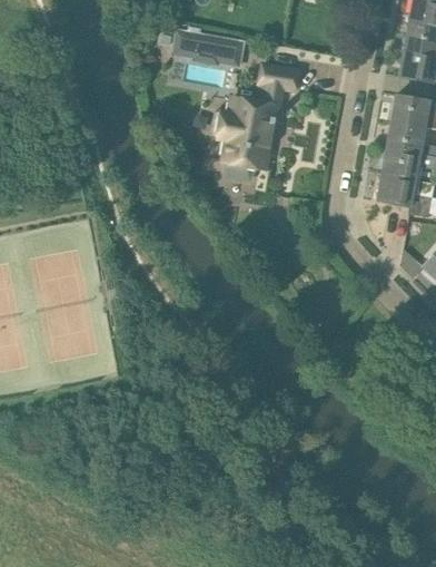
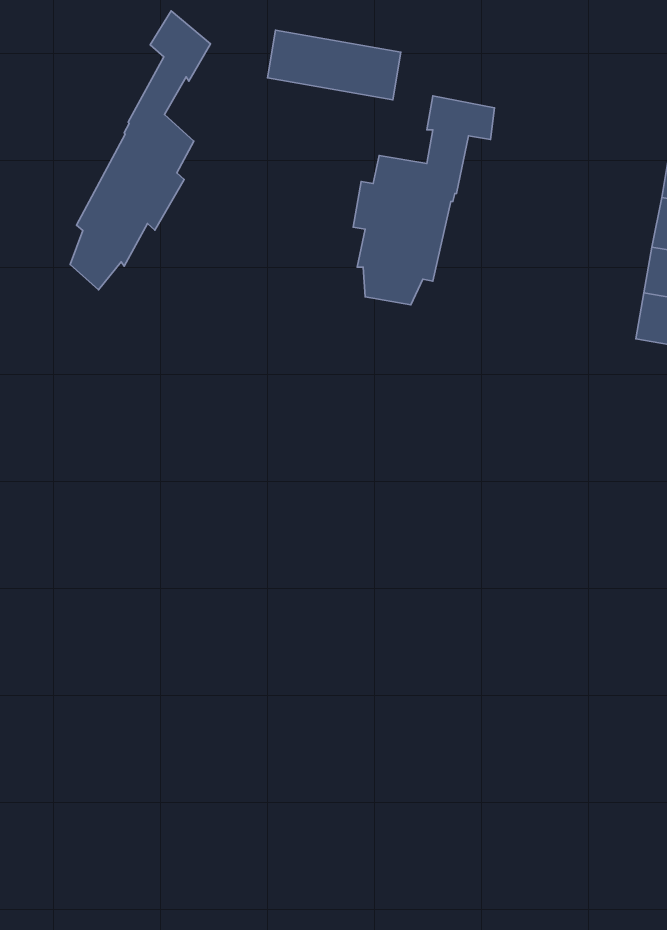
building: none -> [70,11,210,290]

